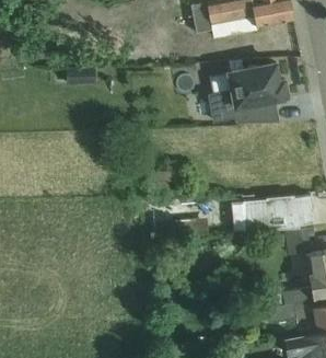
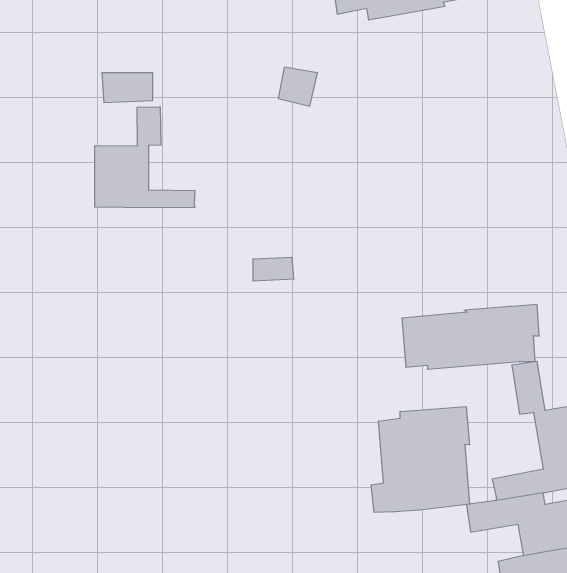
building: [209,63,287,122] -> none
building: none -> [95,107,195,208]
building: none -> [371,407,470,512]

